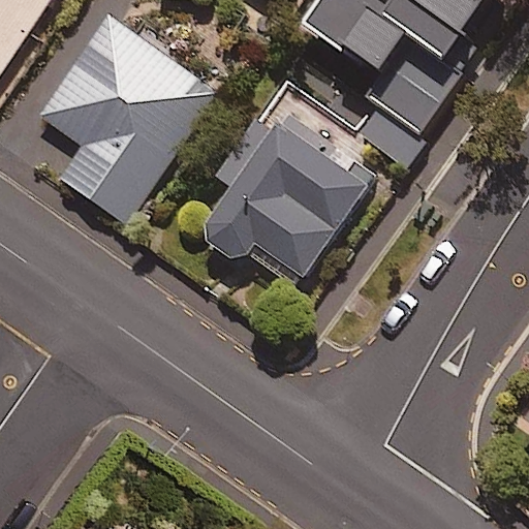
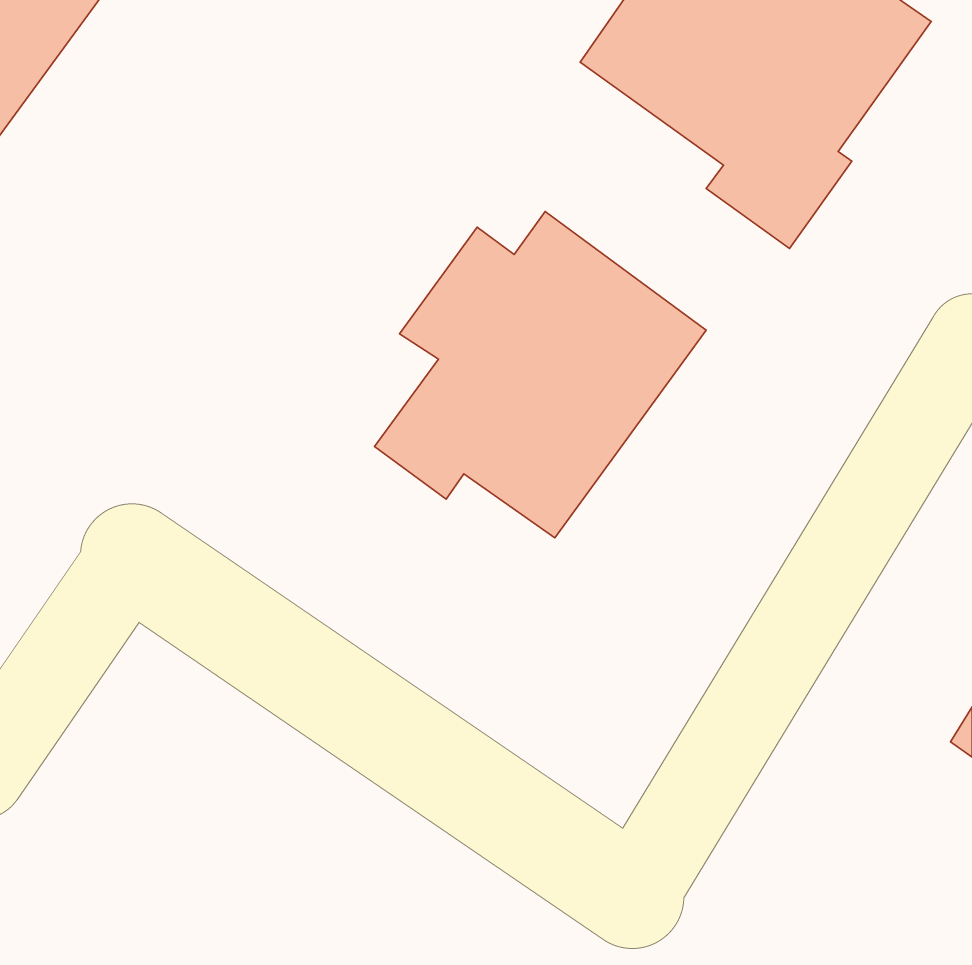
building: [38,12,213,220] -> none

